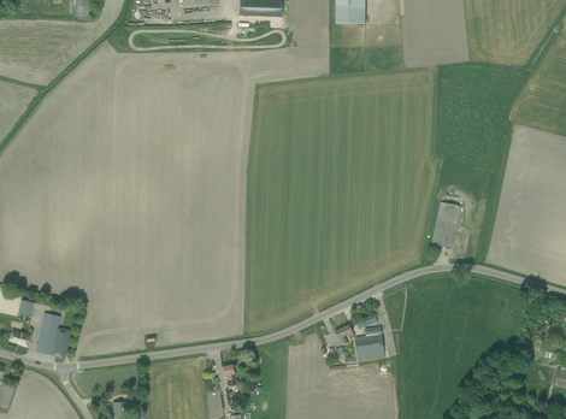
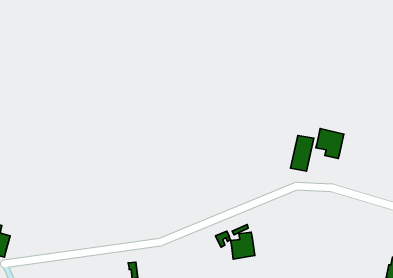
building: none -> [316,128,344,159]

